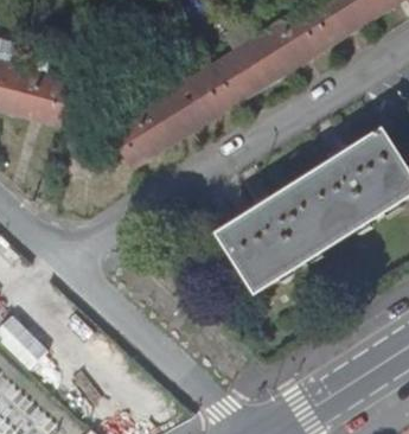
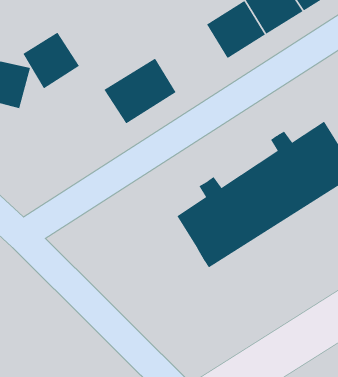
building: [203,34,280,107] -> none
building: [109,104,171,166] -> [23,32,80,89]

